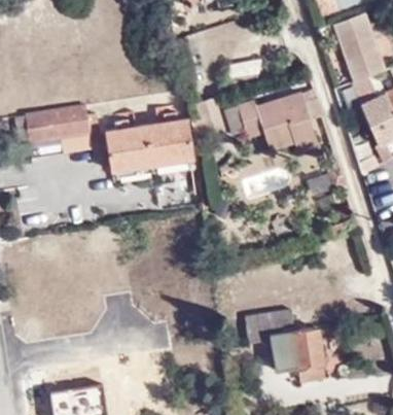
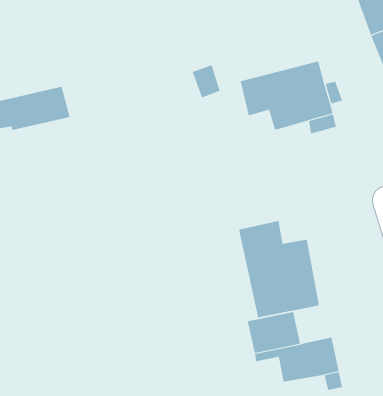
building: [108,106,199,173] -> none
building: none -> [239,220,320,318]

